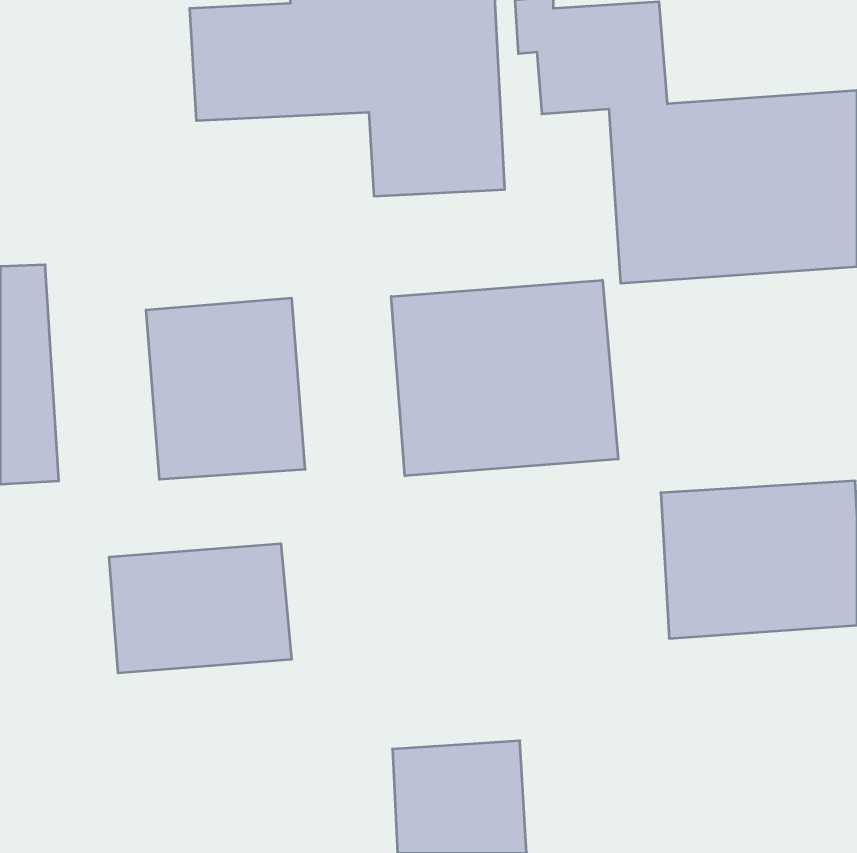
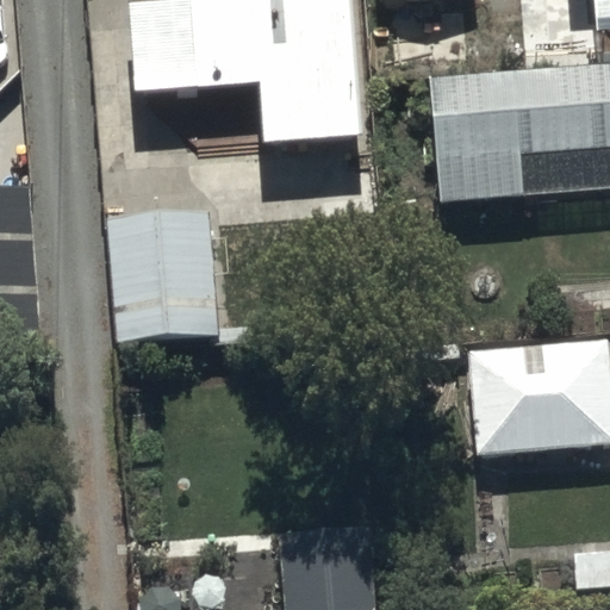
building: [391,280,618,476] -> none
building: [109,544,291,673] -> none

